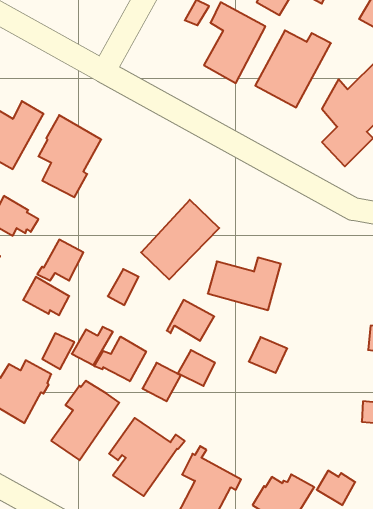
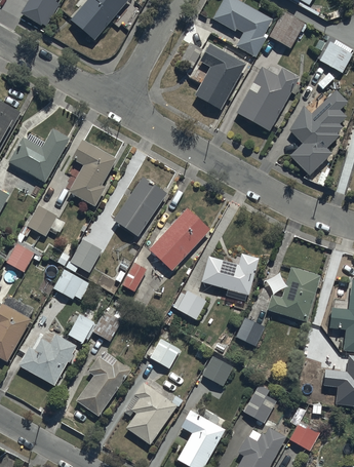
building: none -> [112,176,166,236]
building: none -> [266,266,319,320]
building: [94,337,146,381] -> none
building: [178,350,215,386] -> [201,356,231,385]
building: none -> [242,384,275,422]

